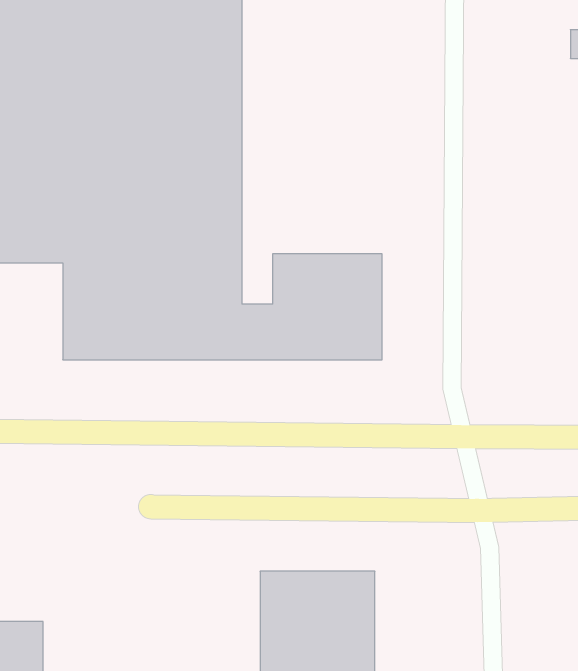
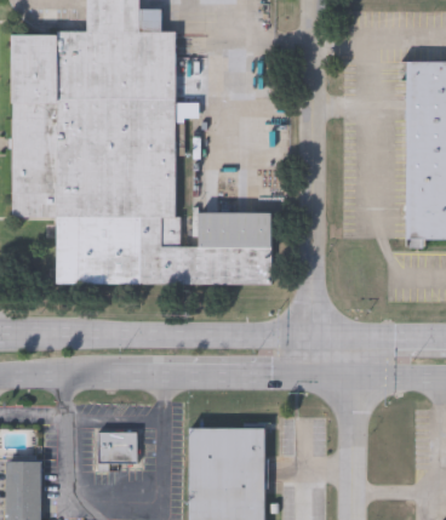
building: none -> [98,430,138,464]

